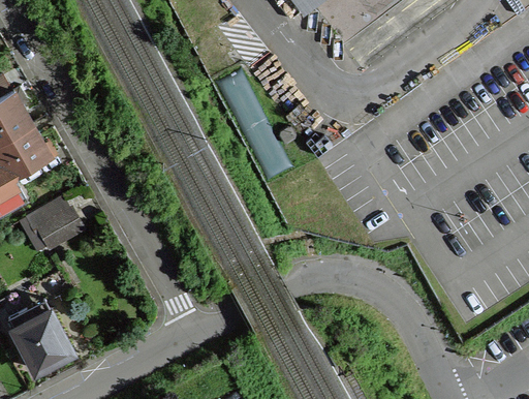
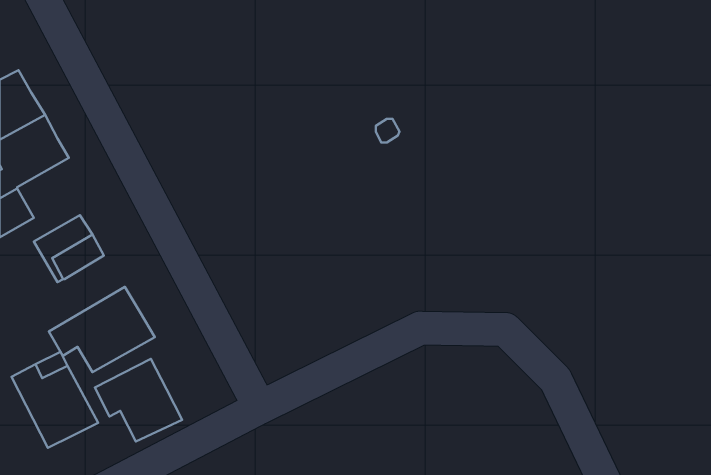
building: none -> [49,287,155,372]
building: none -> [95,359,182,441]

